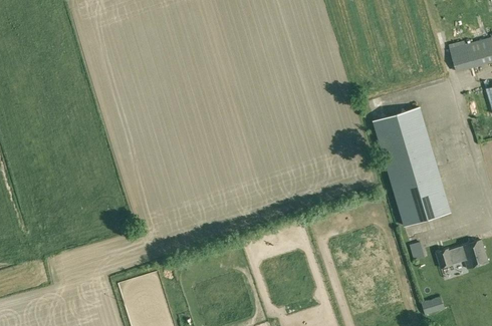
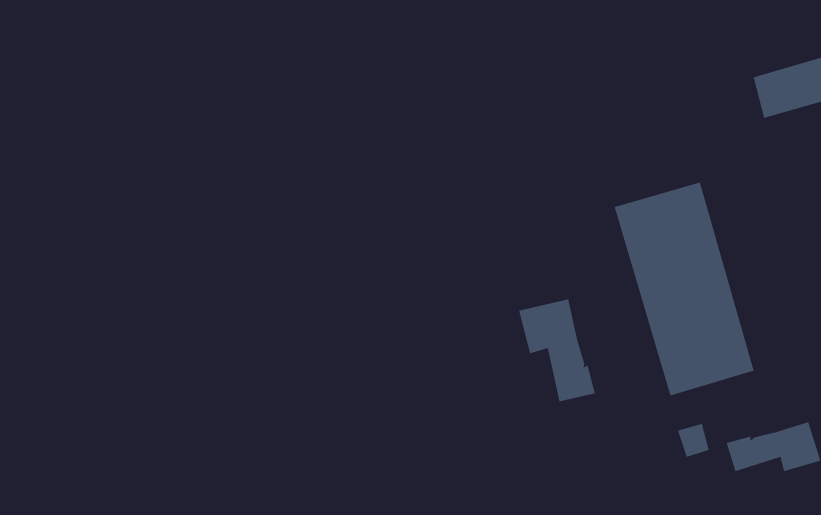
building: none -> [519,299,595,402]

